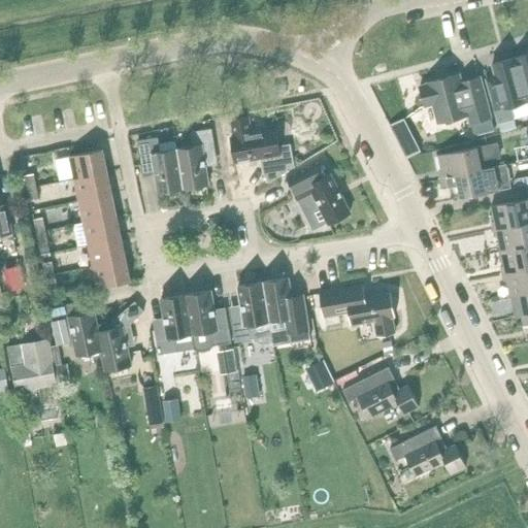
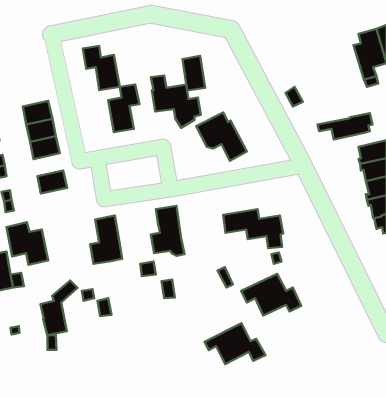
building: [419,75,493,136] -> none
building: none -> [183,56,205,90]
building: [137,137,184,193] -> [83,46,120,90]
building: [437,143,498,179] -> none
building: [82,216,120,244] -> none
building: [92,259,129,289] -> none
building: [263,277,308,342] -> none
building: [186,290,231,353] -> none
building: [97,302,143,371] -> [41,280,77,335]
building: [391,426,467,477] -> [205,323,265,364]

